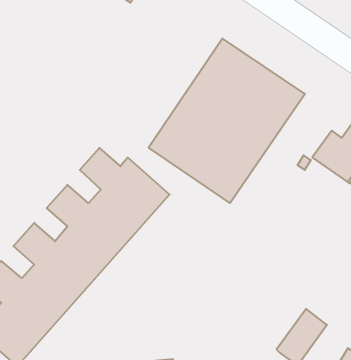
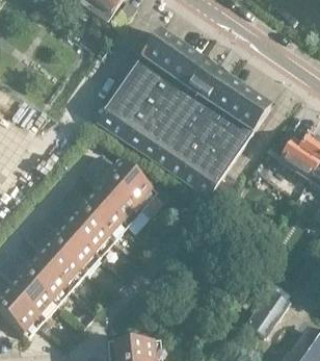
building: none -> [97,31,201,152]

